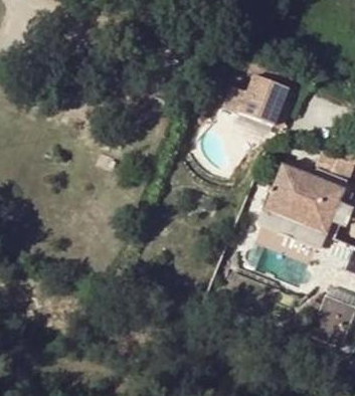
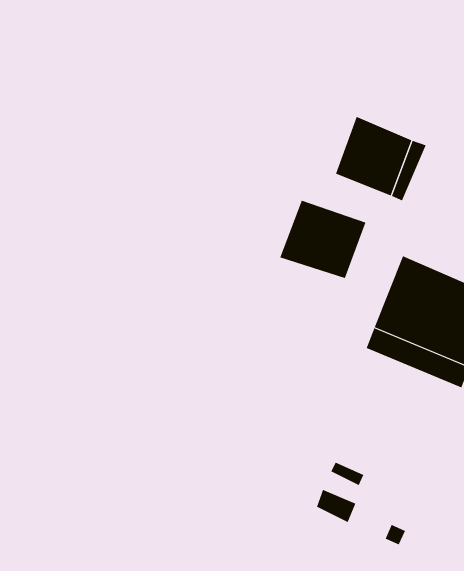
building: none -> [279,200,366,279]

